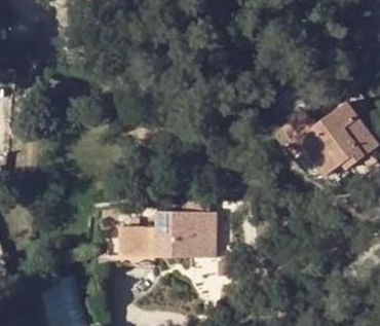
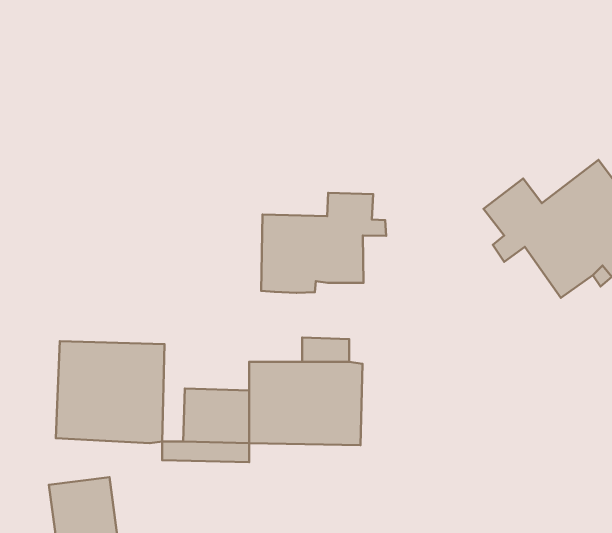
building: none -> [261,193,386,293]
building: none -> [56,341,165,443]

